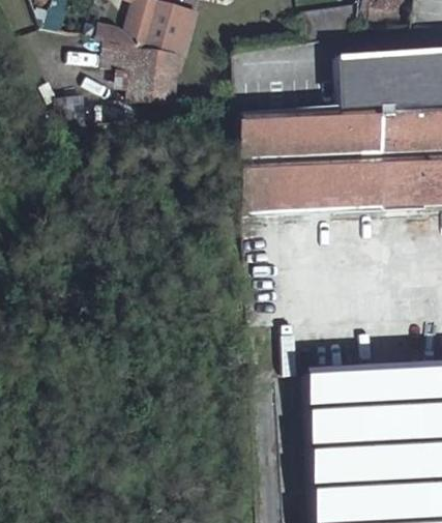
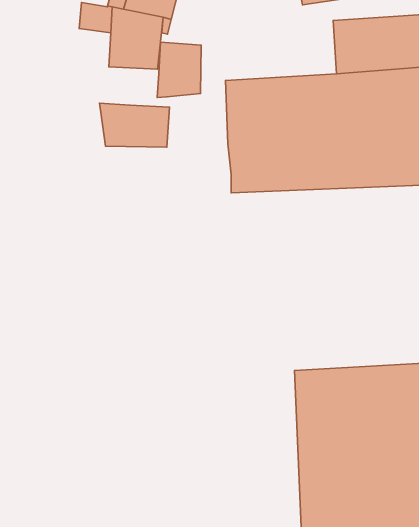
building: none -> [157,42,201,98]
building: none -> [99,103,170,147]

